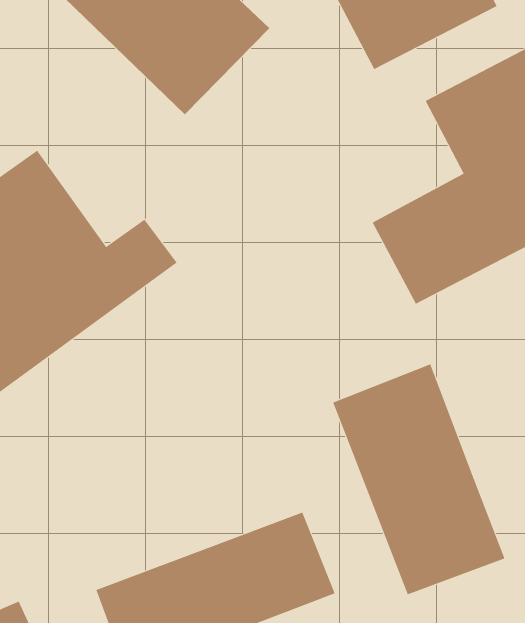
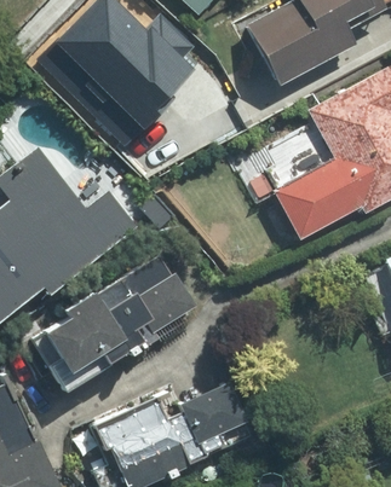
building: none -> [30,254,189,389]
building: [332,364,505,595] -> none

